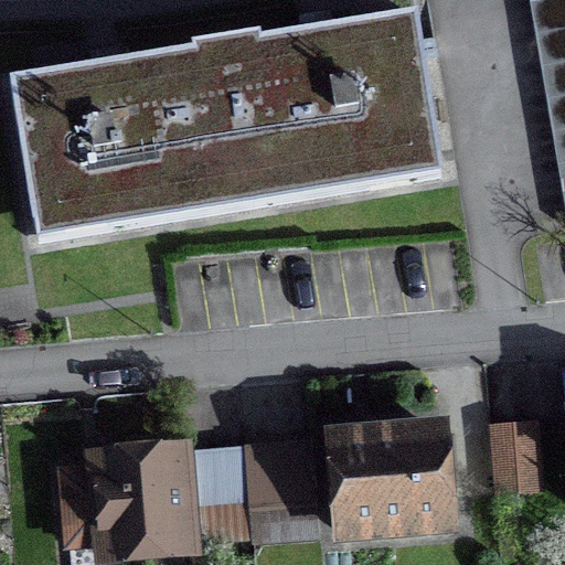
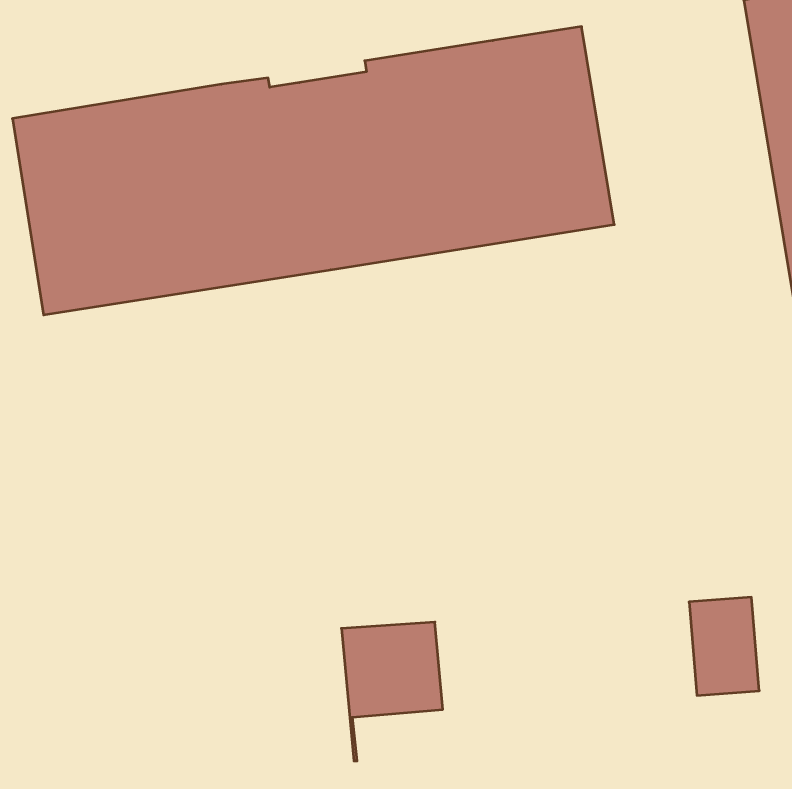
building: [334,430,447,533] -> none
building: [63,437,250,552] -> none

